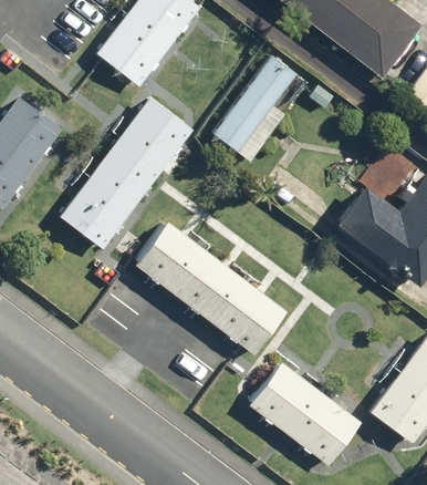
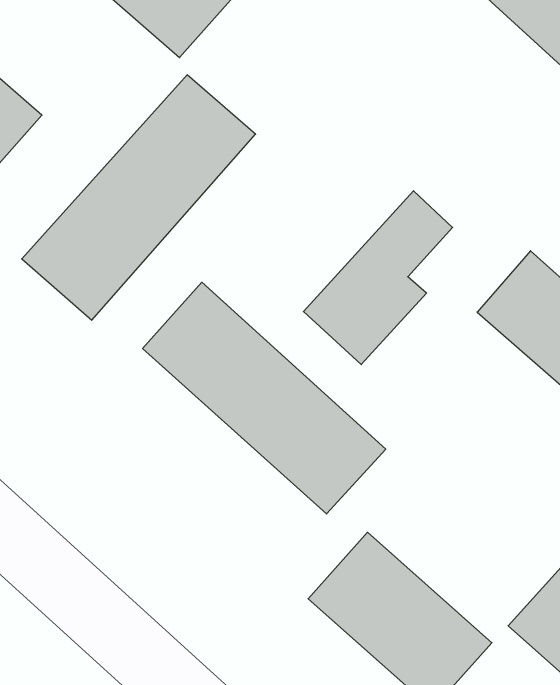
building: [212,54,298,162] -> [303,191,453,365]

